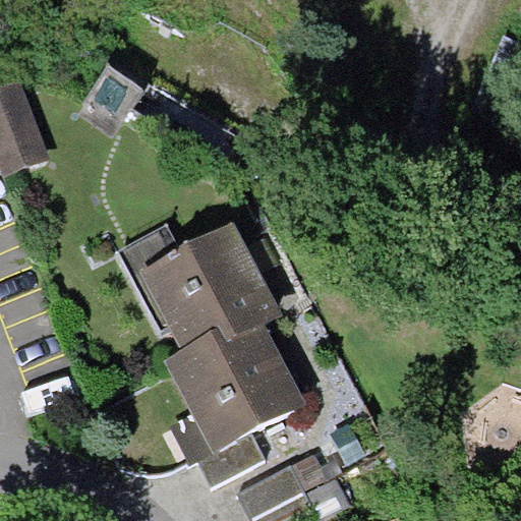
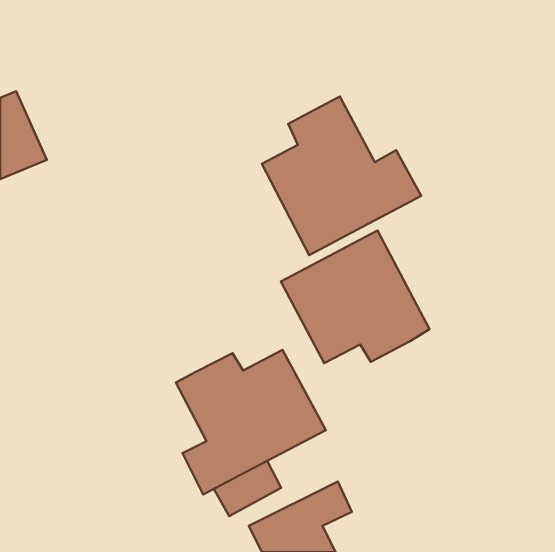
building: none -> [262,96,421,255]
building: [143,224,283,348] -> [281,230,430,363]

